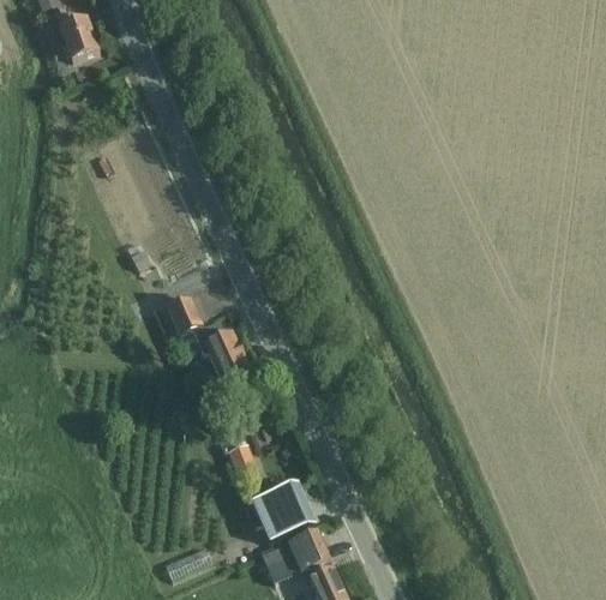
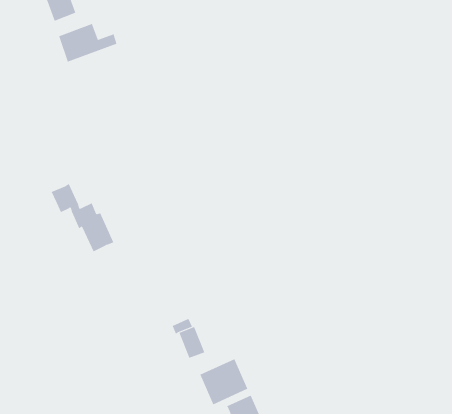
building: none -> [58,23,117,62]
building: [166,293,245,379] -> [51,183,114,252]

